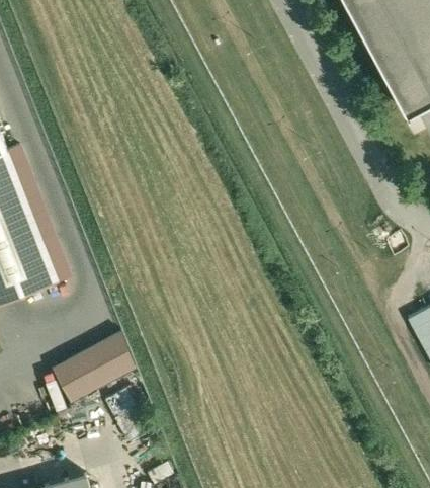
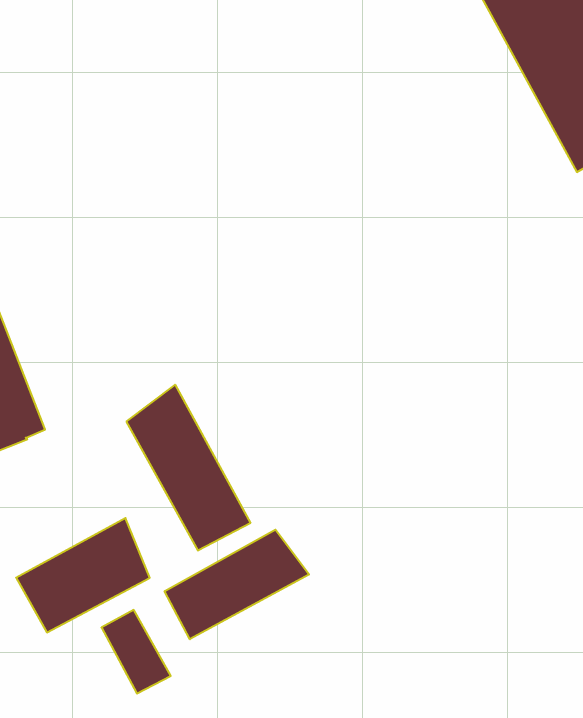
building: none -> [127,385,250,551]
building: none -> [165,530,309,639]

